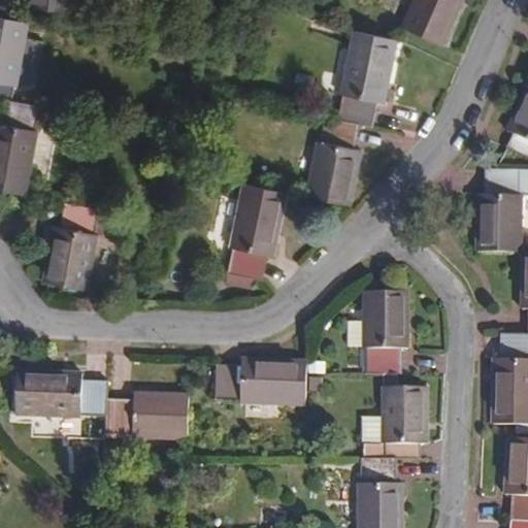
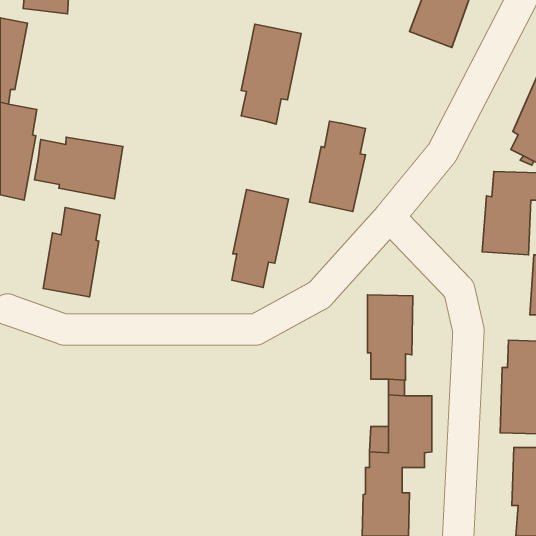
building: [336,31,395,129] -> [241,24,301,124]
building: none -> [34,137,123,199]
building: [219,358,304,403] -> none
building: [15,373,190,437] -> none

